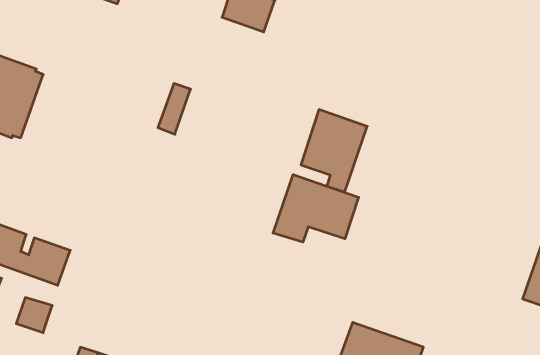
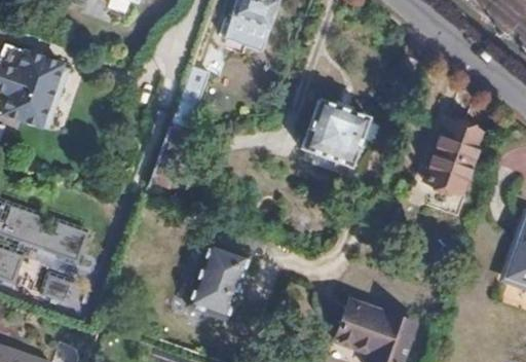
building: none -> [222,19,269,56]
building: none -> [423,120,482,193]
building: [273,175,359,242] -> none
building: none -> [183,245,245,321]

